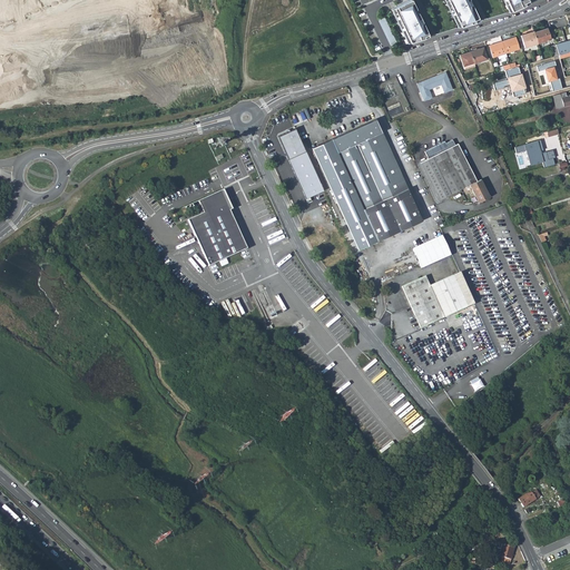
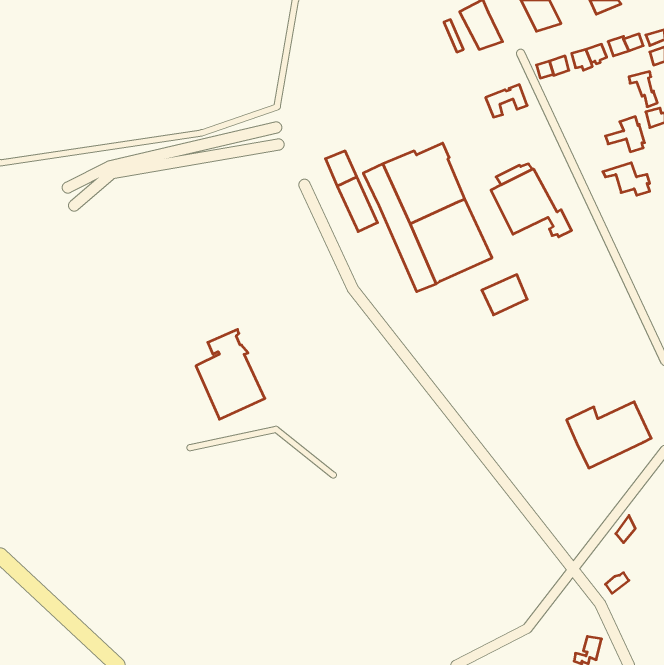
building: [494,67,528,97] -> [605,117,645,152]
building: [189,189,248,266] -> [196,329,265,419]
building: [402,271,474,327] -> [567,402,651,468]

